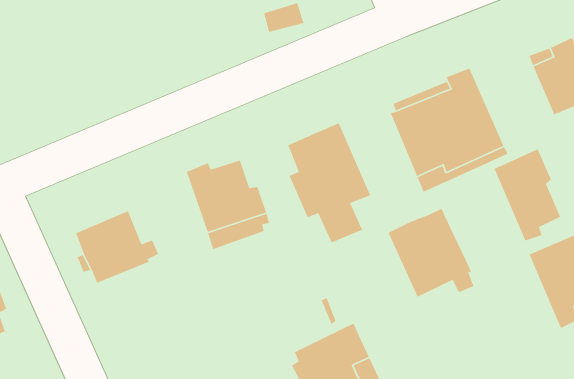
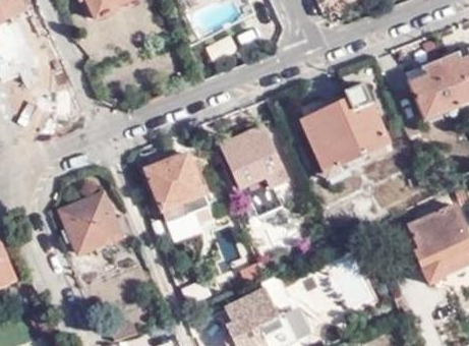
building: [493,148,561,242] -> none
building: [388,208,475,298] -> none

